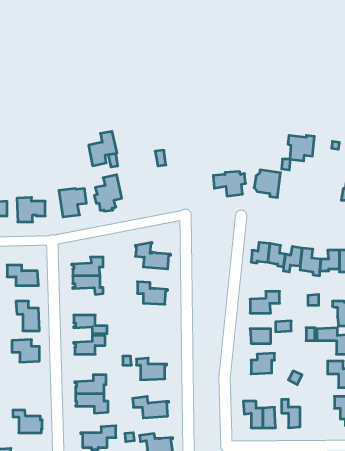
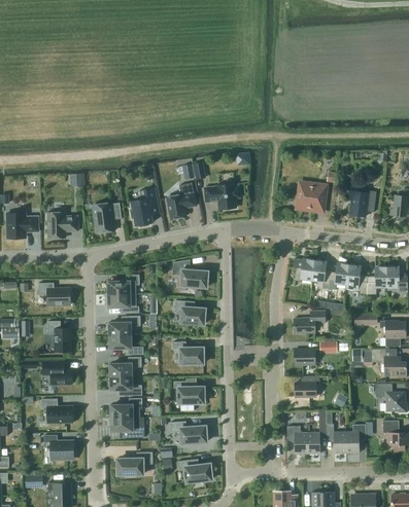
building: [89,131,117,166] -> [167,183,197,219]
building: [288,135,314,161] -> [348,190,376,217]
building: [213,172,246,196] -> [205,184,239,210]
building: none -> [107,316,140,335]
building: none -> [173,341,205,364]
building: none -> [109,376,142,396]
building: none -> [42,398,73,423]
building: none -> [346,424,366,452]

